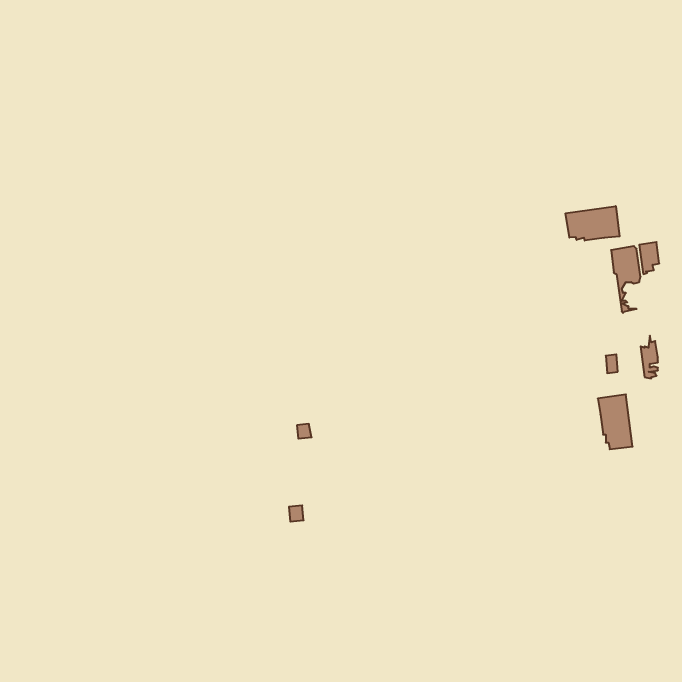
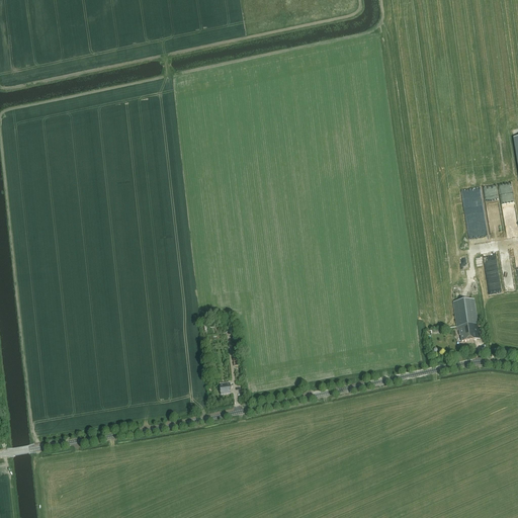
building: [566,206,620,241] -> none

